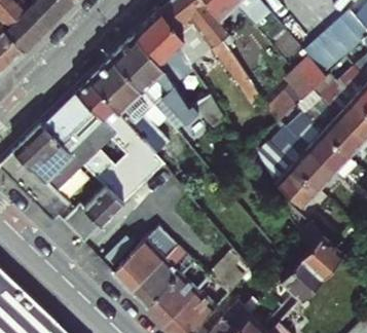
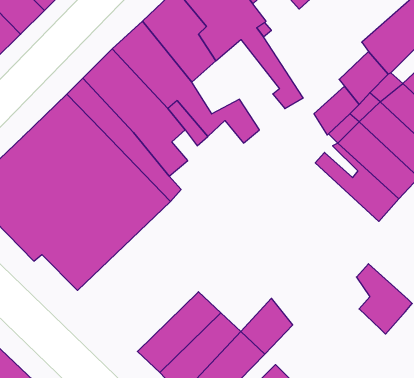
building: [256,144,317,207] -> none
building: [114,229,177,290] -> none
building: [280,257,322,299] -> none

